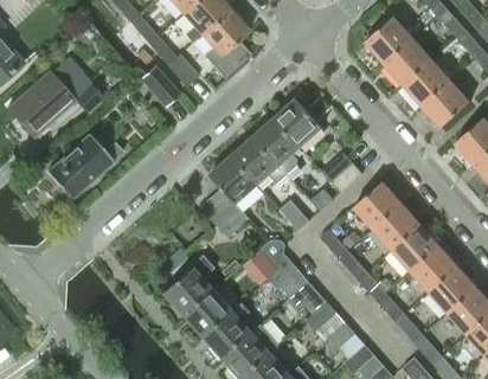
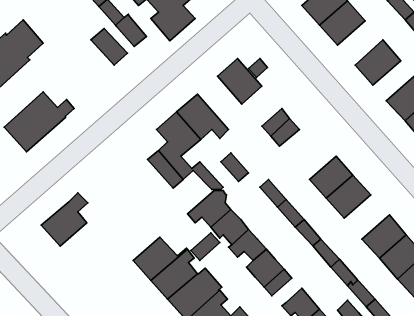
building: [403,59,451,107] -> none
building: [253,118,301,175] -> none
building: [354,182,402,229] -> none
building: [410,245,458,293] -> none
building: [165,258,214,315] -> [41,193,88,246]

